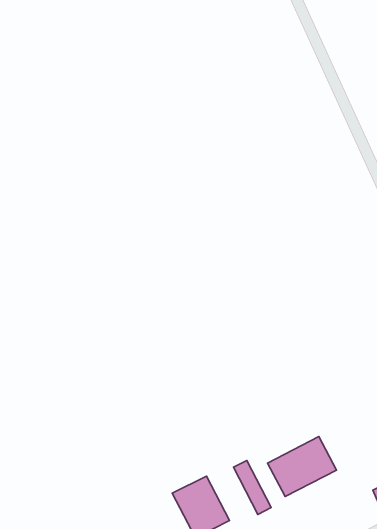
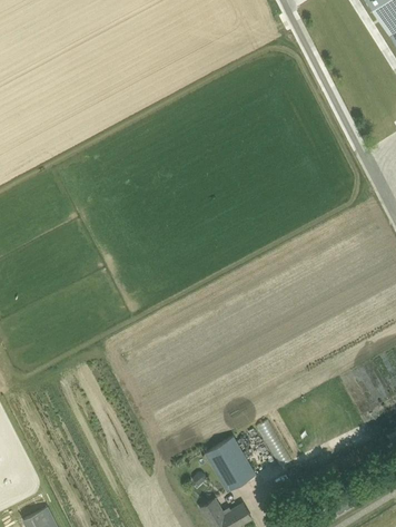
building: [267,437,337,497] -> none

